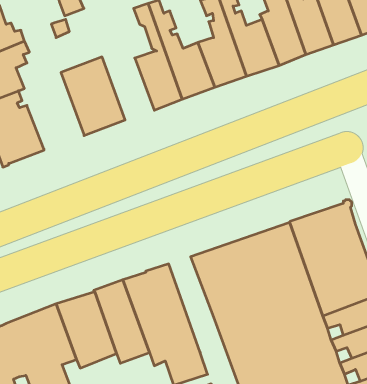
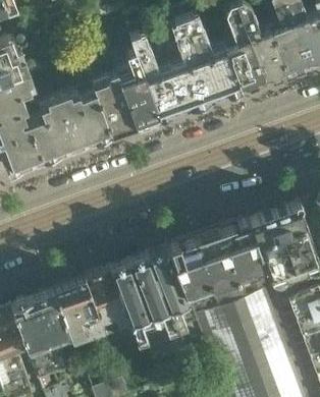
building: none -> [94,75,138,137]
building: none -> [30,98,78,162]
building: none -> [150,252,188,333]

